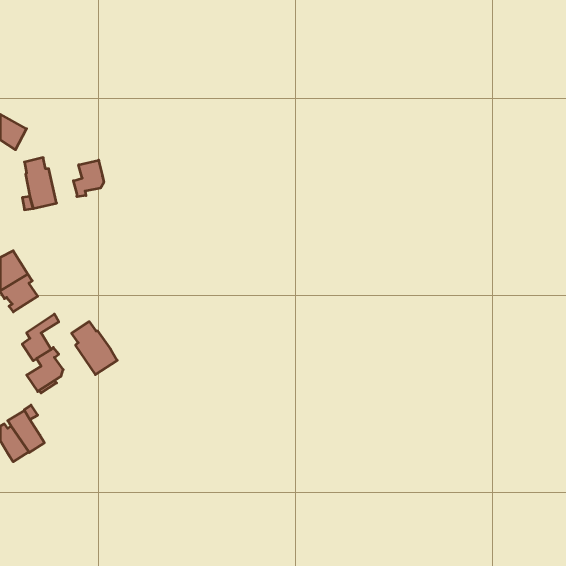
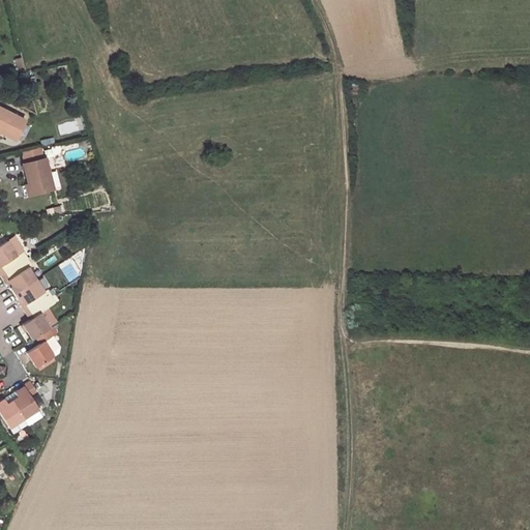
building: [73,160,104,197] -> none
building: none -> [13,277,52,312]
building: [72,322,117,375] -> none

